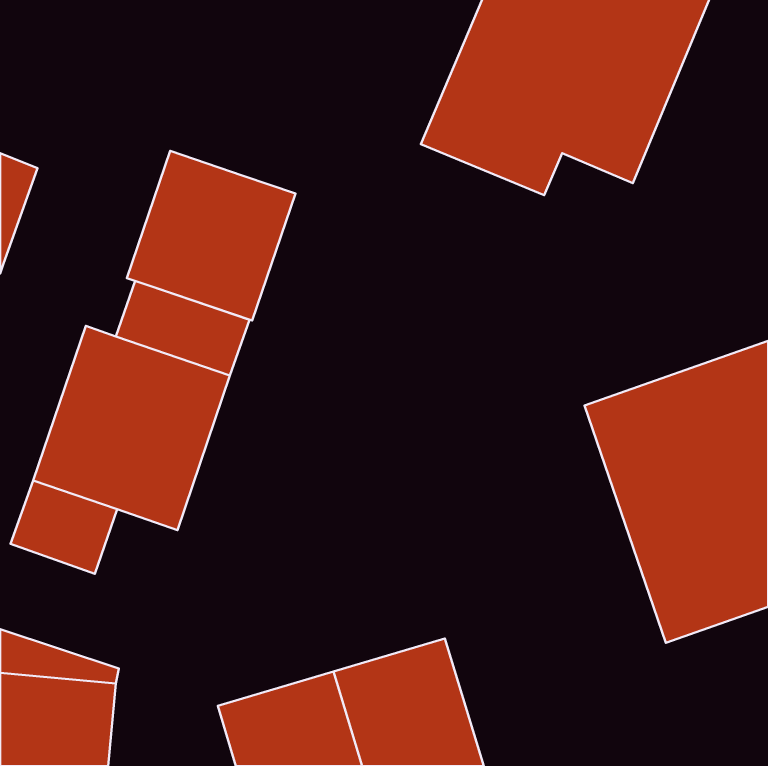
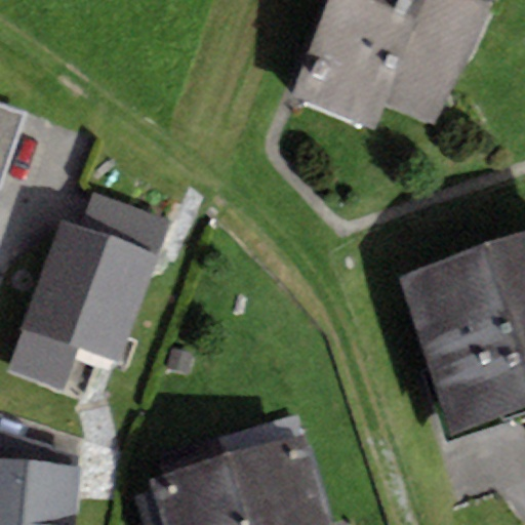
building: [127,151,296,320] -> none

